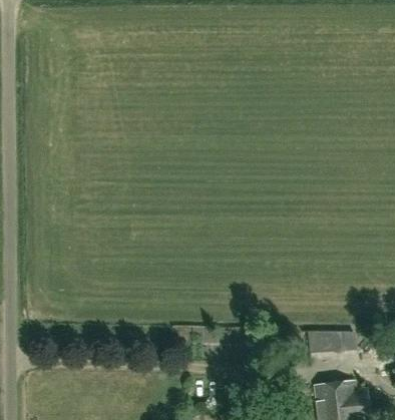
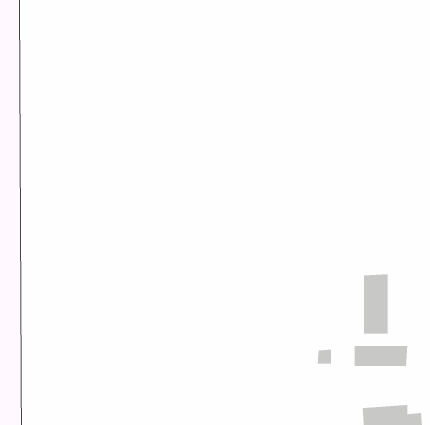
building: none -> [363,273,388,334]

